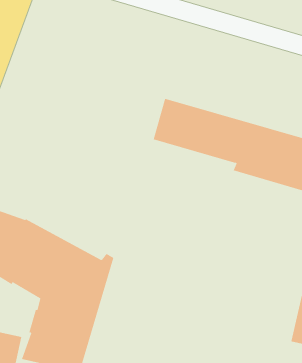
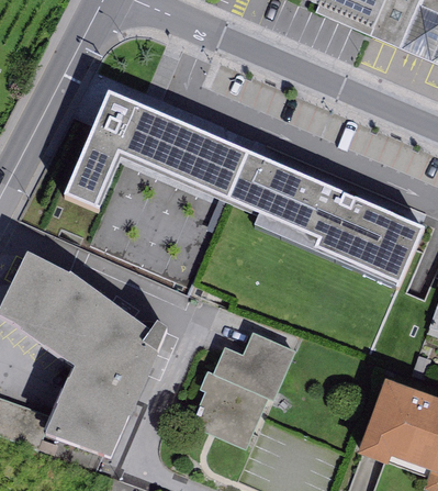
building: none -> [65,96,248,211]
building: none -> [191,331,295,446]

